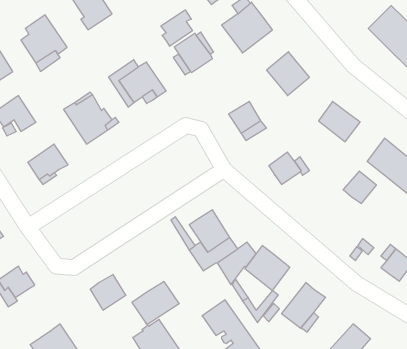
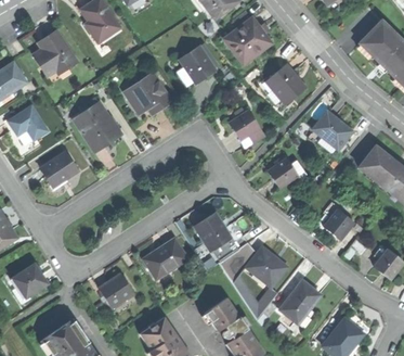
building: [161,10,192,46] -> none
building: [343,171,376,203] -> [323,208,354,239]
building: [132,282,179,324] -> [143,239,187,279]

